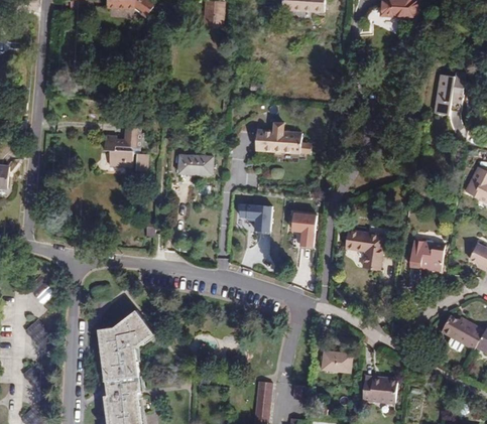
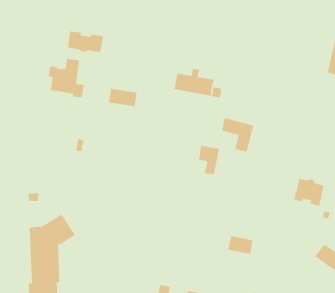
building: none -> [67,30,104,53]
building: [240,203,272,232] -> none
building: [345,231,383,270] -> [221,117,254,153]
building: [322,351,351,373] -> [227,235,253,255]

